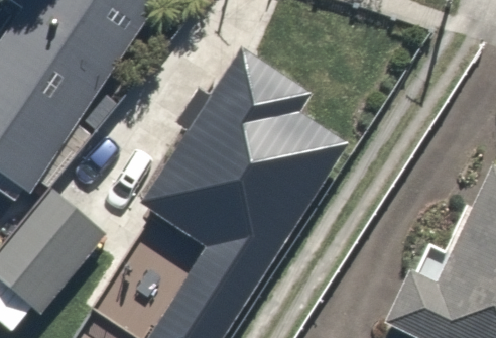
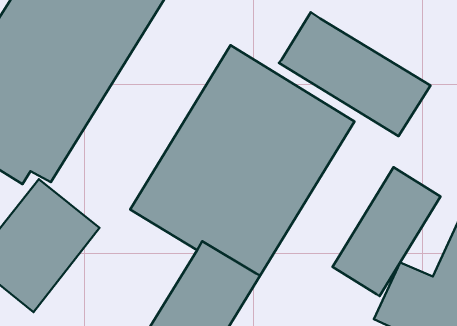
building: none -> [279,12,431,136]
building: none -> [332,167,440,296]

